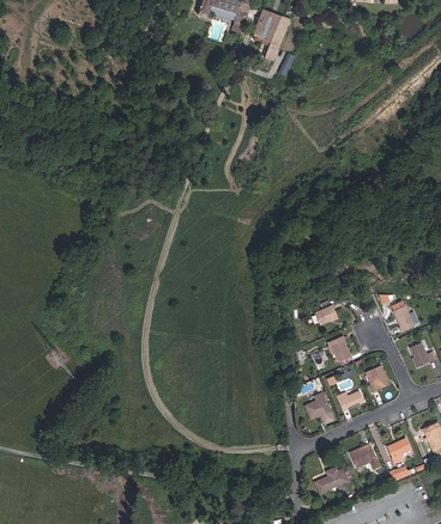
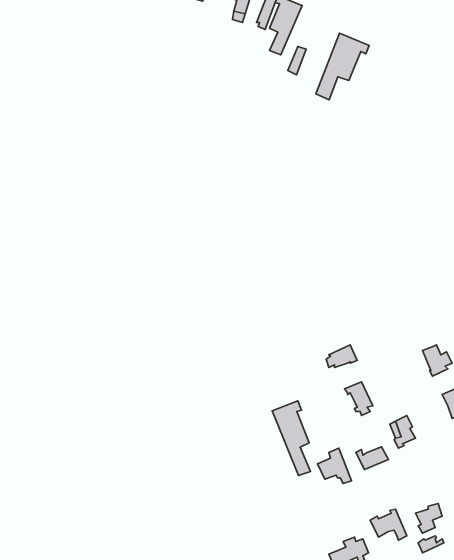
building: none -> [316,33,369,100]
building: none -> [272,401,311,476]

